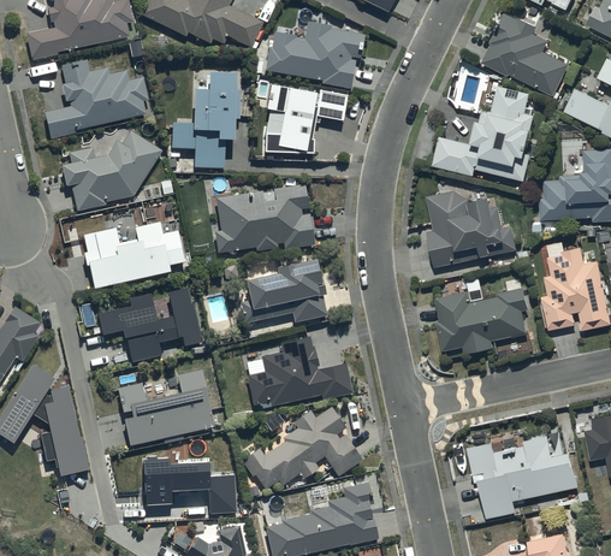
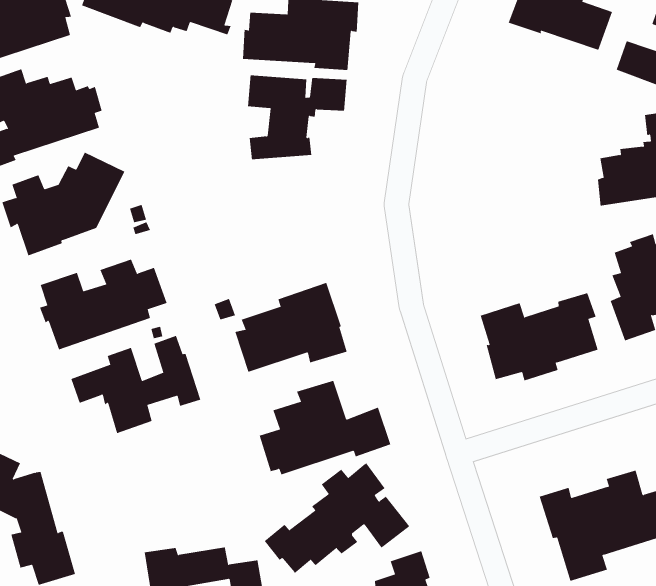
building: [171,75,239,167] -> none
building: [432,84,534,181] -> none
building: [214,185,314,253] -> none
building: [426,190,516,267] -> none
building: [115,369,214,445] -> none

